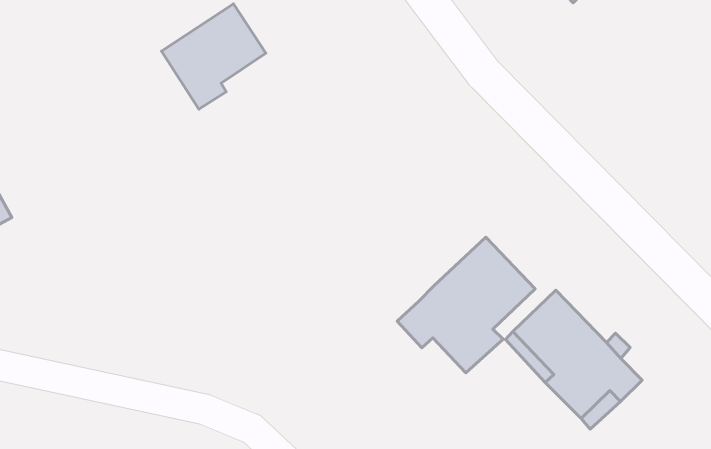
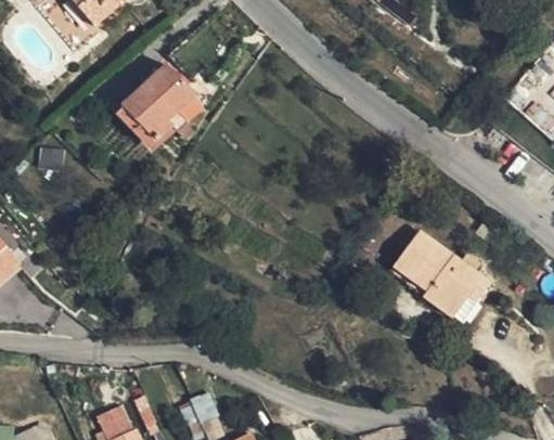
building: [397,237,535,373] -> none

